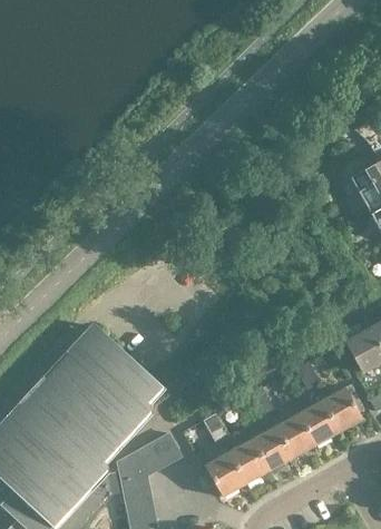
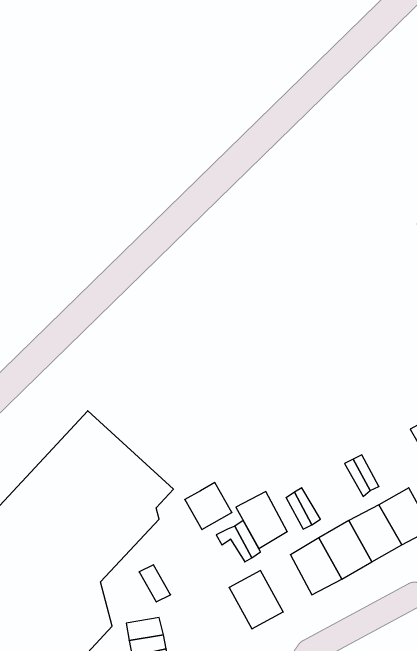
building: [145,433,182,470] -> [185,482,232,530]
building: [228,439,268,483] -> [236,492,287,549]
building: [117,452,149,492] -> none

